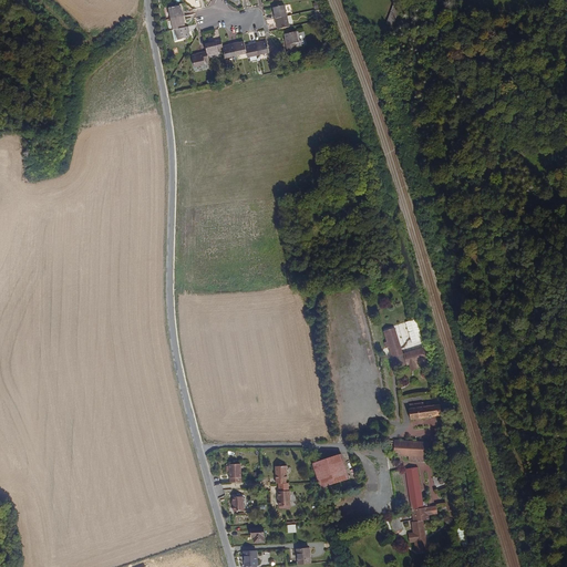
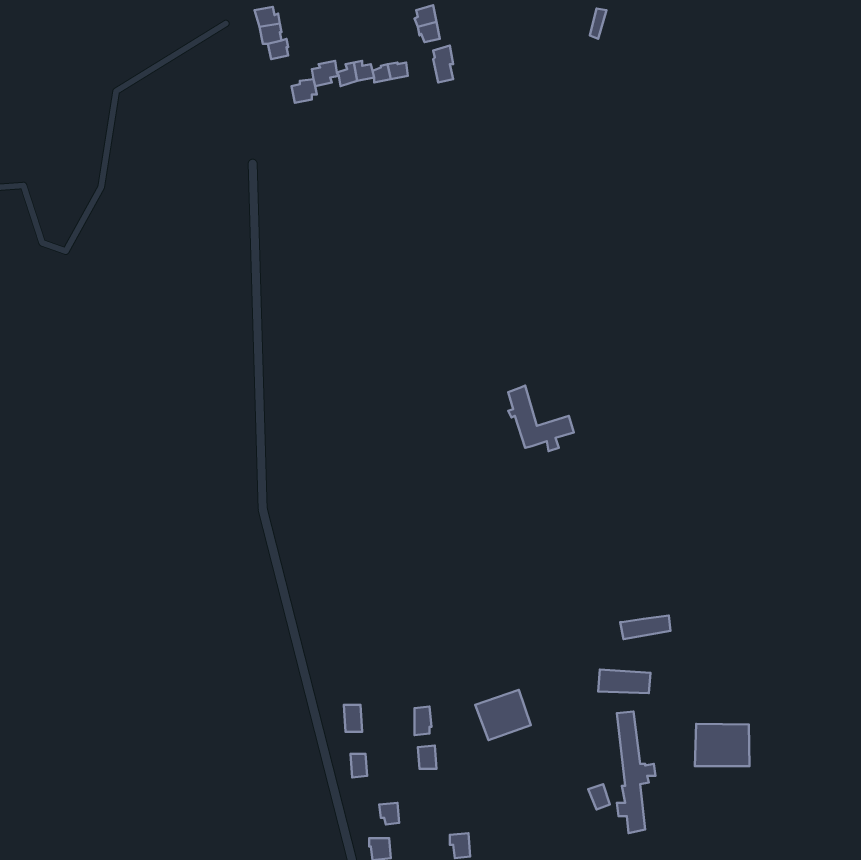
building: [388,327,431,370] -> [508,385,574,451]
building: none -> [695,724,749,766]

